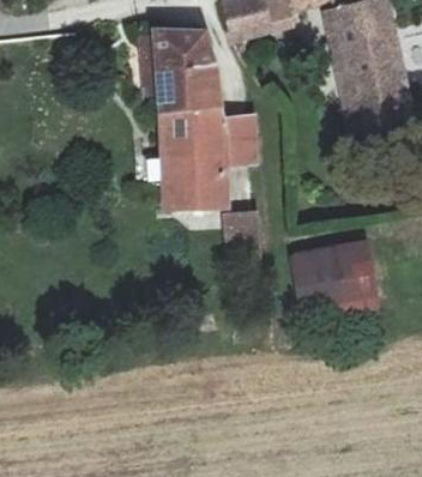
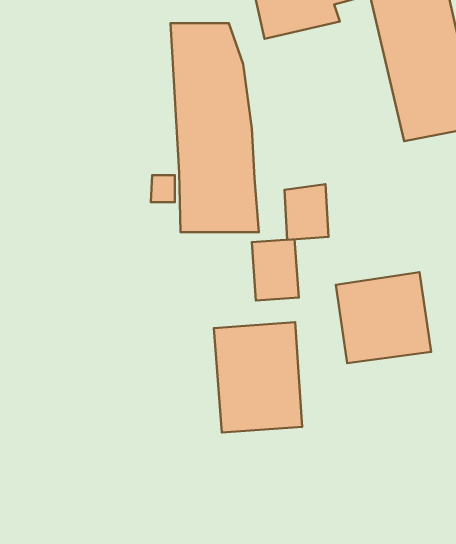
building: [222,111,259,158] -> [284,184,328,240]
building: none -> [214,322,302,432]

